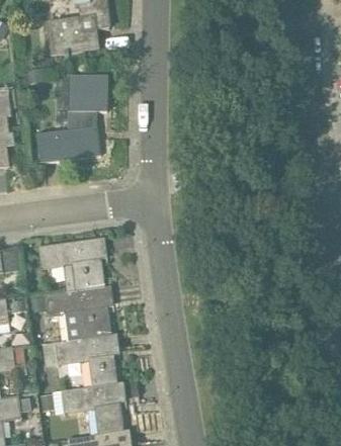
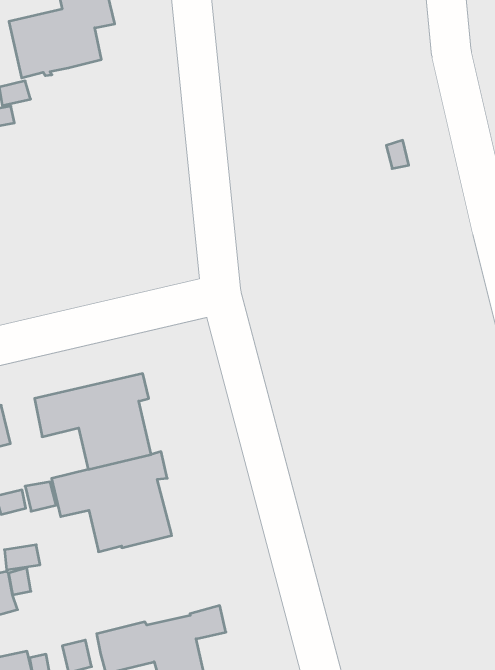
building: [36,77,107,163] -> none
building: [55,334,118,387] -> none

